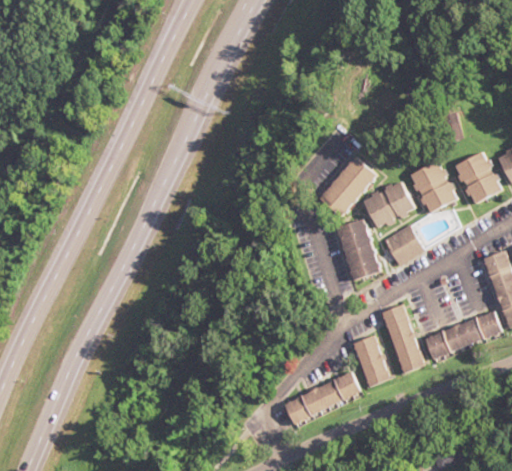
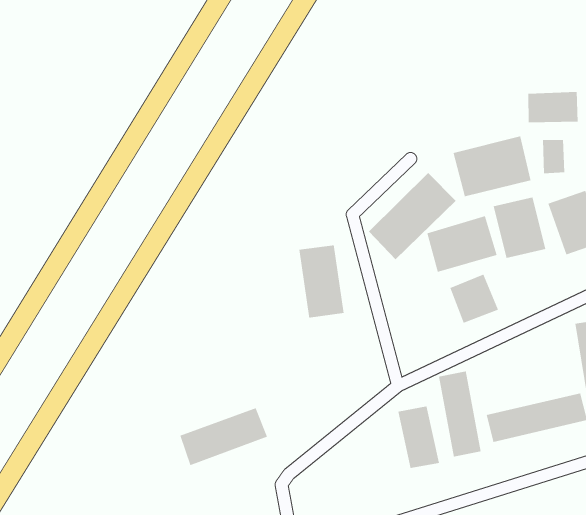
building: none -> [528,91,578,123]
building: none -> [453,135,531,197]
building: [334,220,376,280] -> [298,245,345,318]
building: [295,371,365,423] -> [179,407,268,466]

